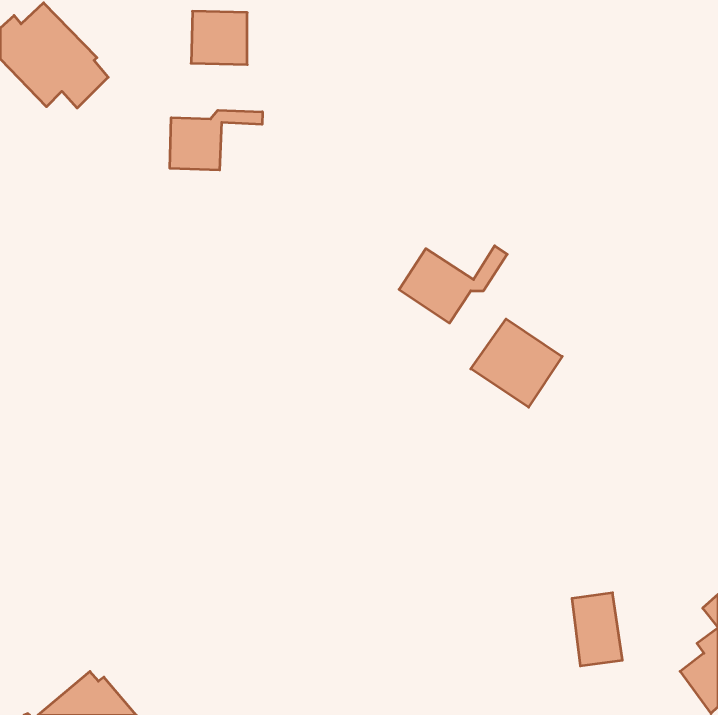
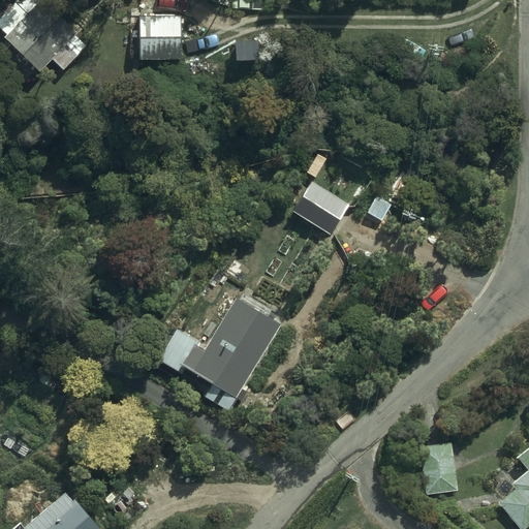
building: [170,110,262,170] -> none
building: [471,319,562,407] -> none
building: none -> [156,300,280,418]

